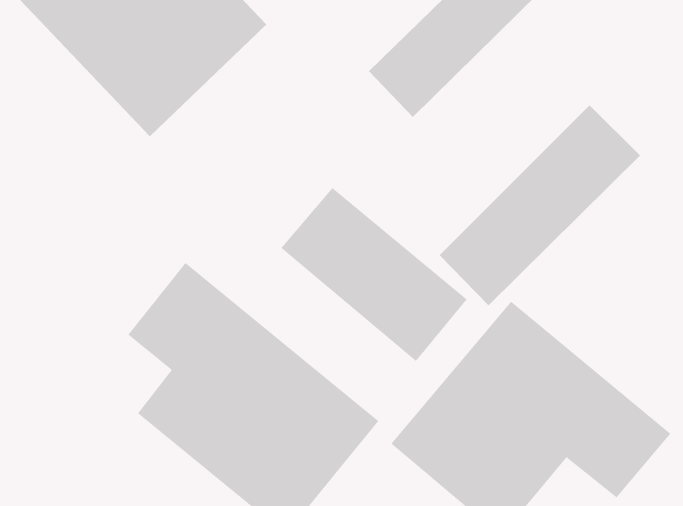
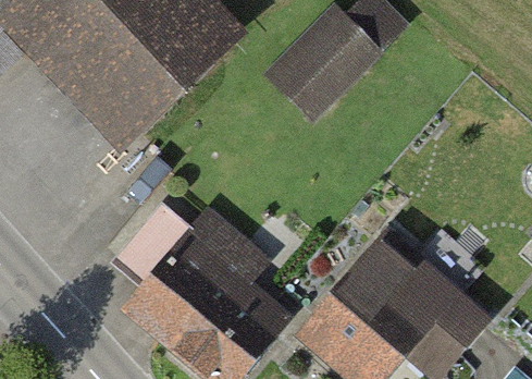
building: [439,105,641,306] -> none
building: [281,187,468,362] -> none

